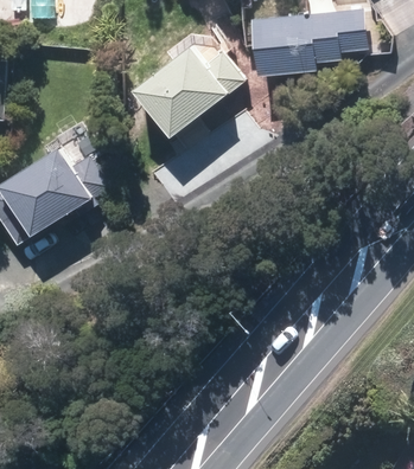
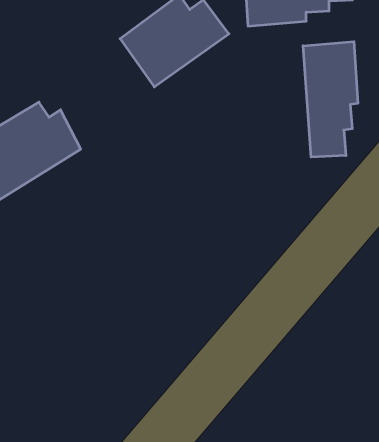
building: none -> [303,42,358,157]

